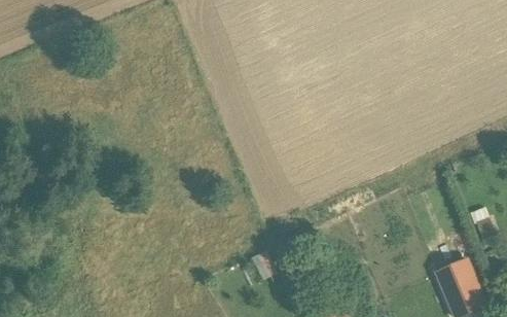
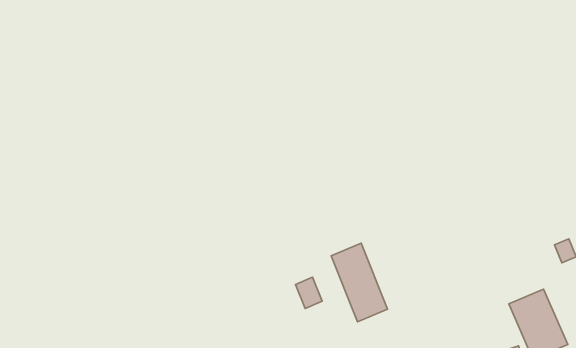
building: none -> [331,243,388,322]

